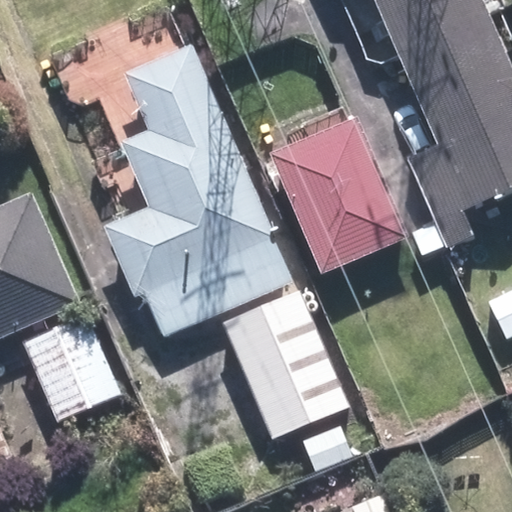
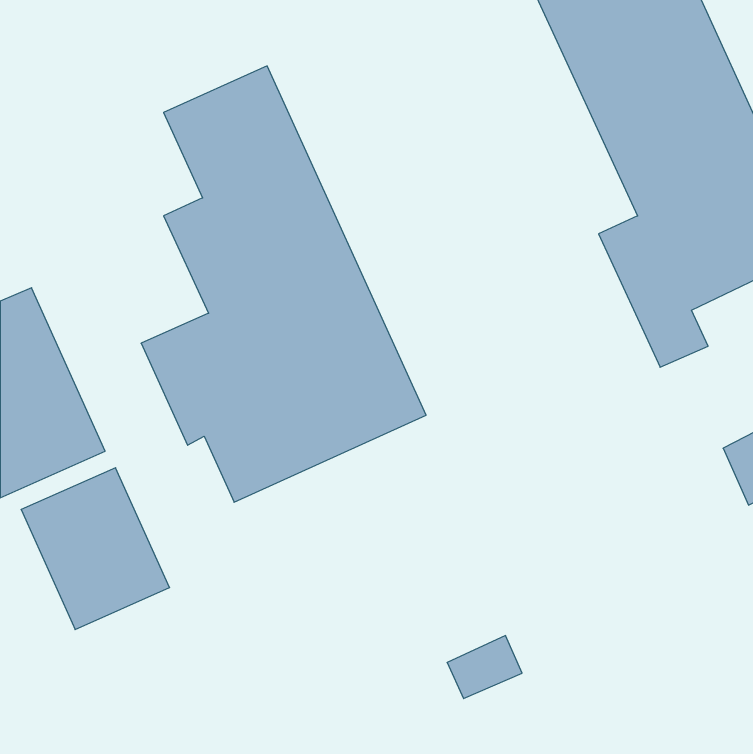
building: [265,116,405,275] -> none
building: [223,289,349,438] -> none

